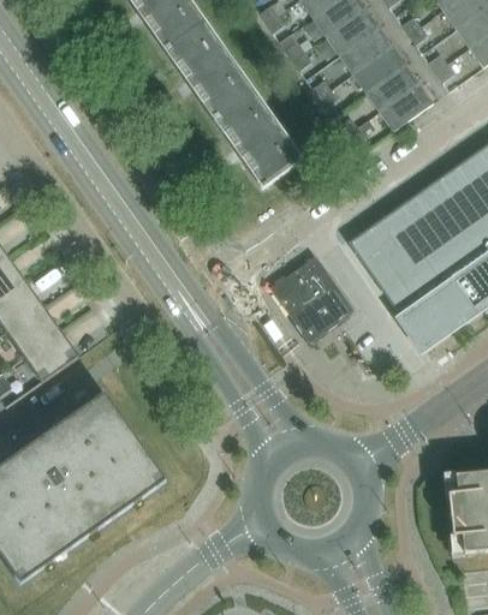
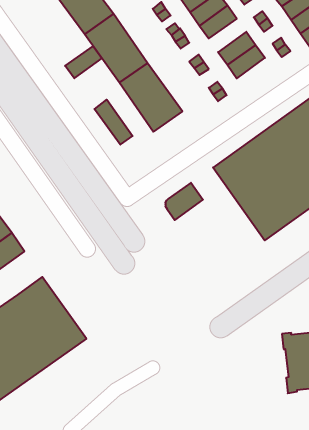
building: [340,28,393,74] -> none
building: none -> [65,46,102,78]
building: [380,83,433,131] -> none
building: none -> [94,100,133,145]
building: [292,283,347,339] -> none

